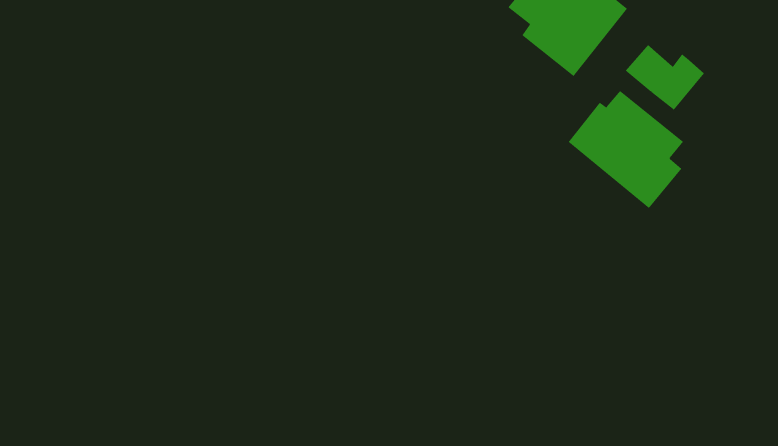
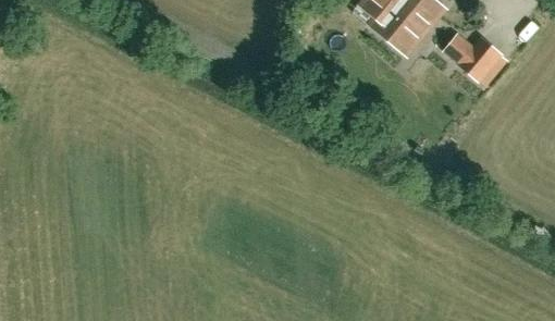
building: [568,90,684,209] -> none

